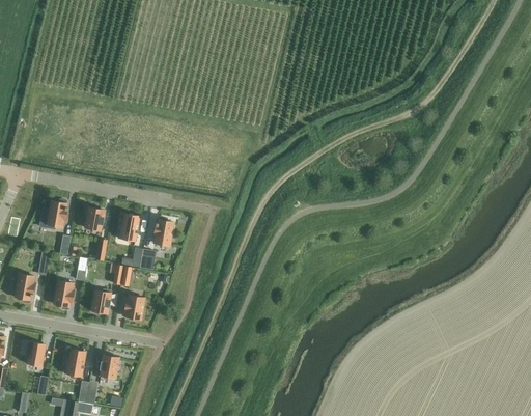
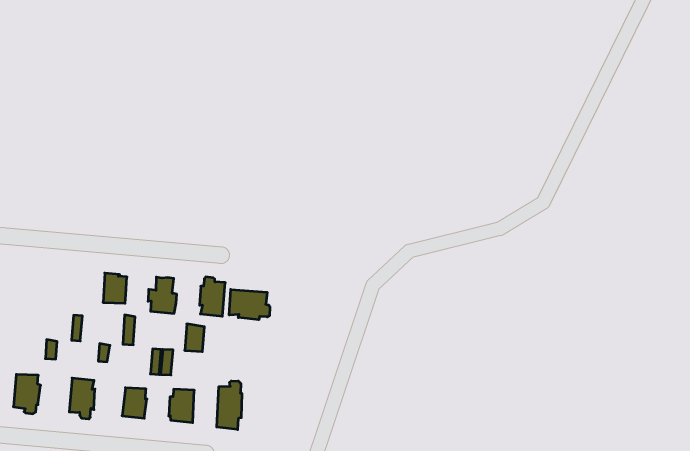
building: [38,199,66,229] -> none
building: none -> [229,289,270,320]
building: none -> [217,381,242,430]

